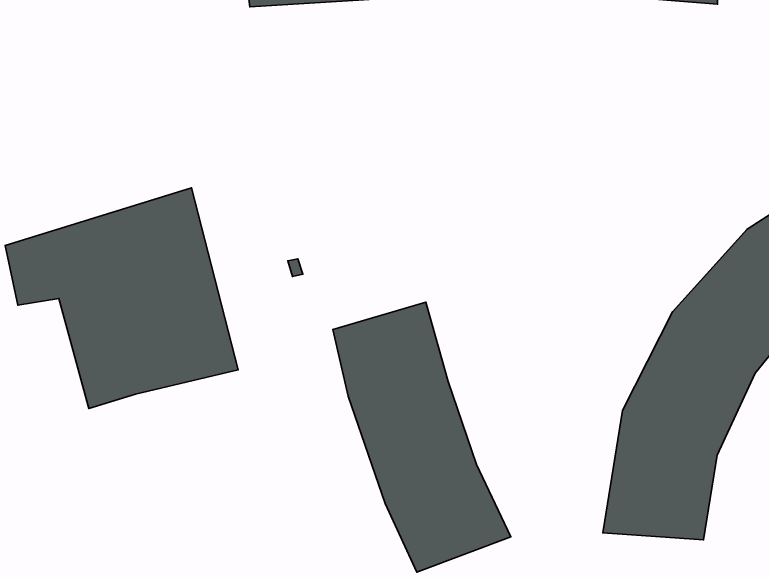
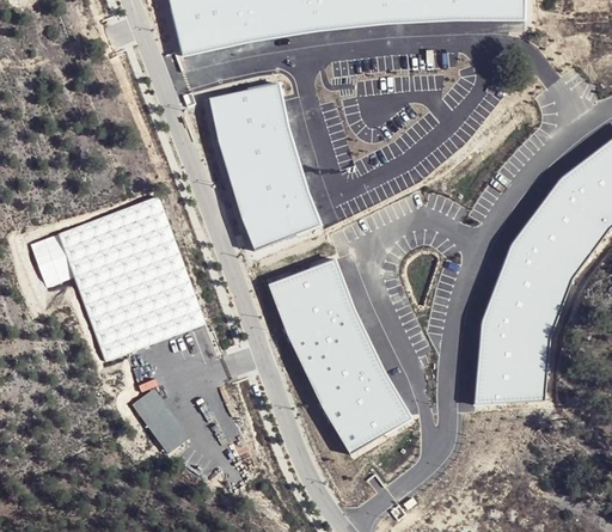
building: none -> [208,85,324,253]
building: none -> [128,390,185,451]

